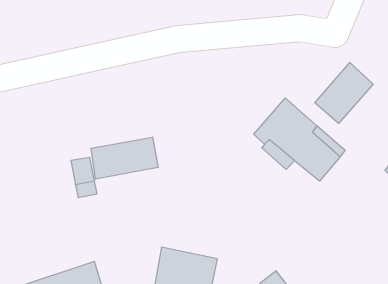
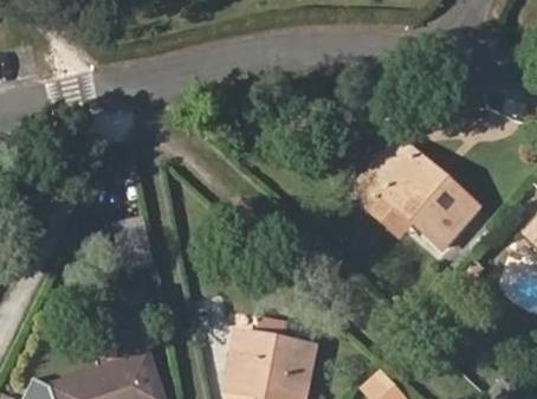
building: [315,62,373,123] -> none
building: [91,137,158,179] -> none

